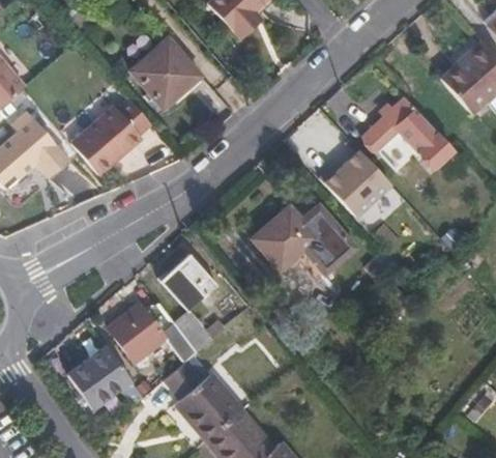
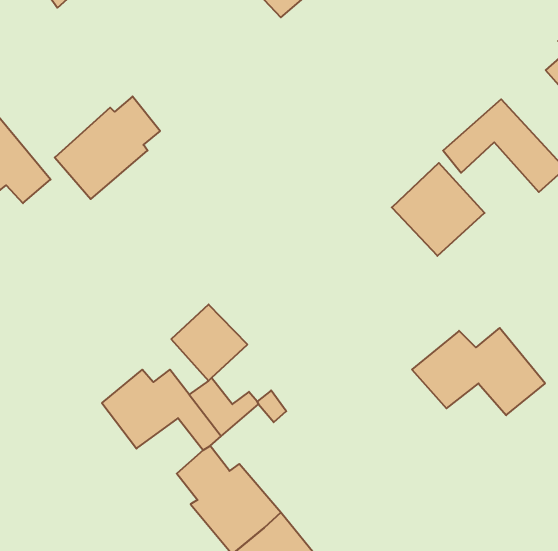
building: [130,37,201,108] -> none
building: [253,206,352,271] -> [412,328,545,415]
building: [67,345,143,408] -> none

